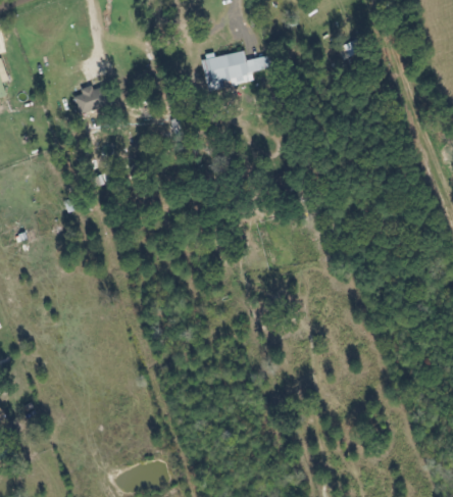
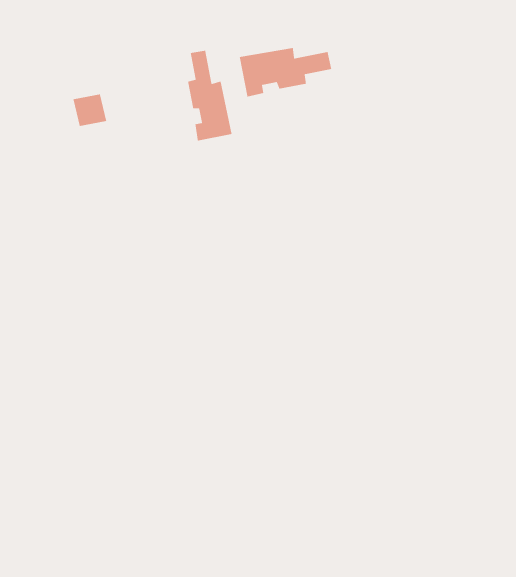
building: none -> [187,50,233,141]

